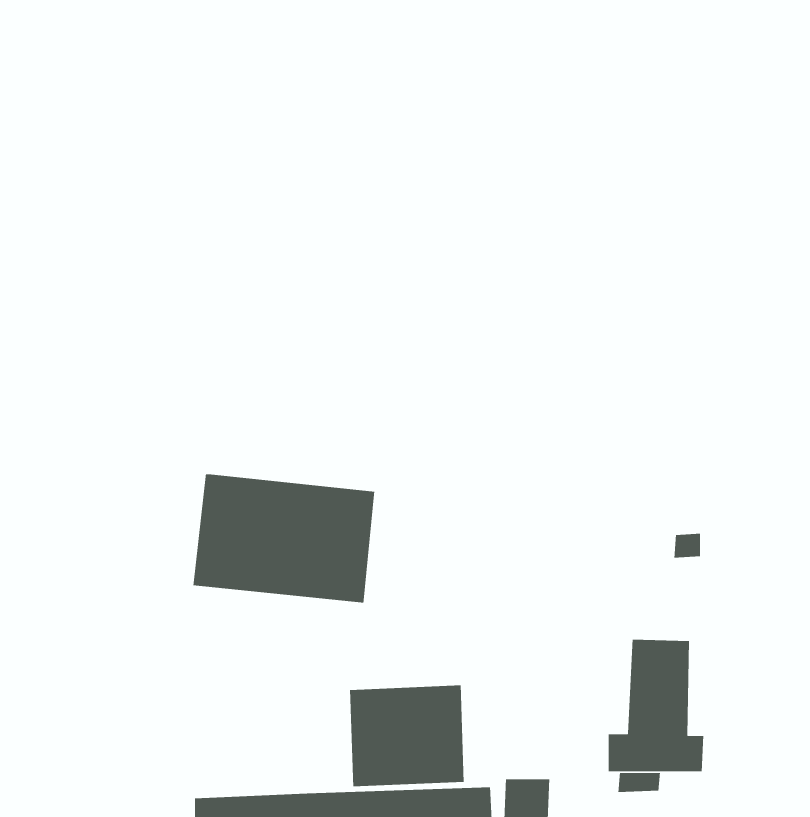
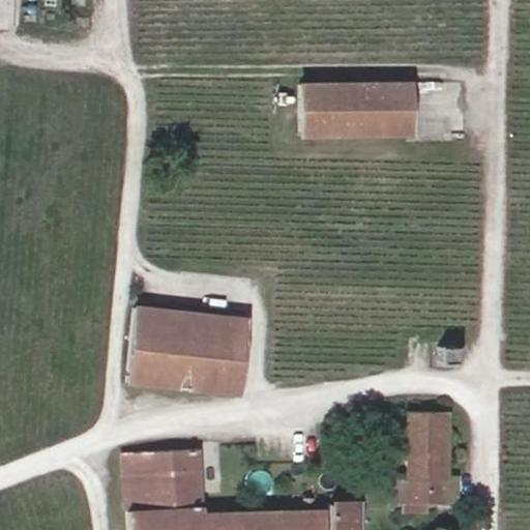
building: none -> [302,86,413,135]
building: [349,685,465,787] -> [129,450,204,517]

